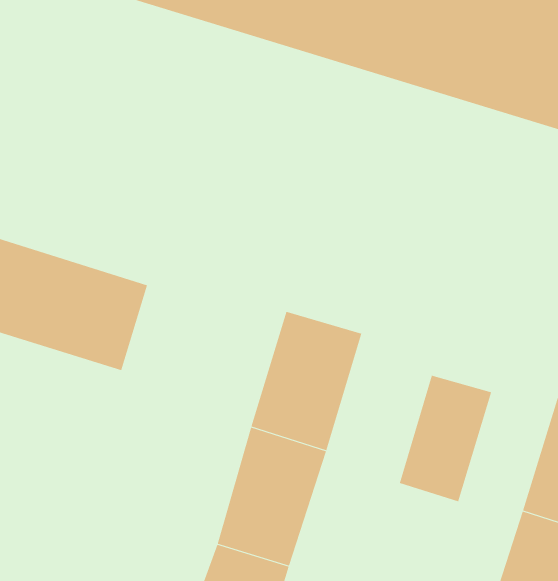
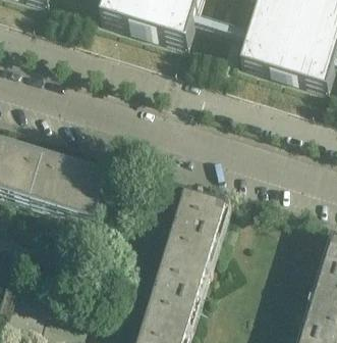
building: [399,375,492,502] -> none

